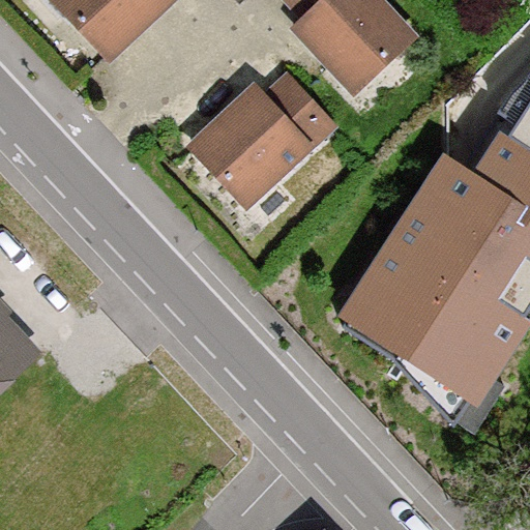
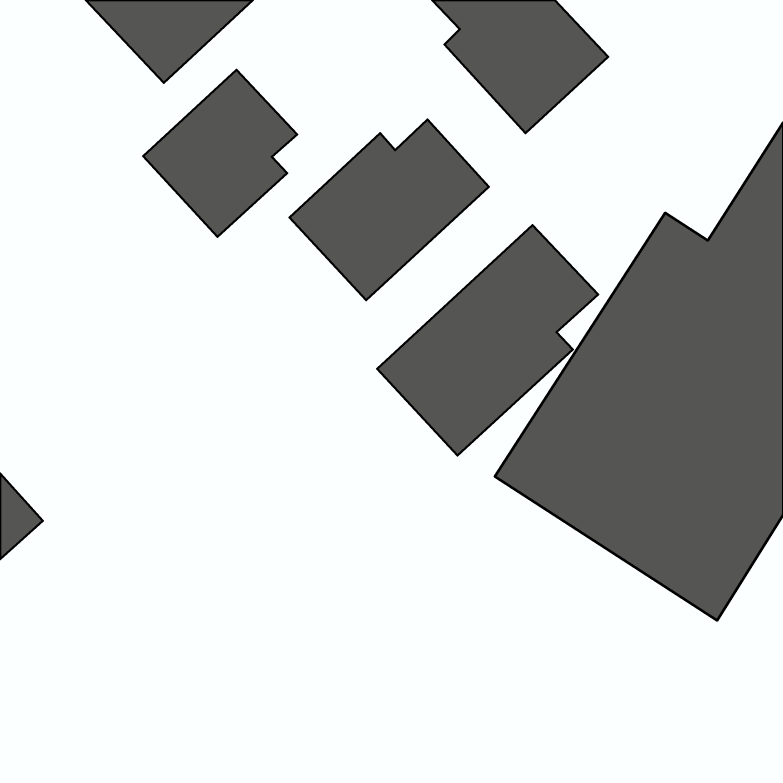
building: none -> [143,70,297,237]
building: none -> [377,225,598,456]

